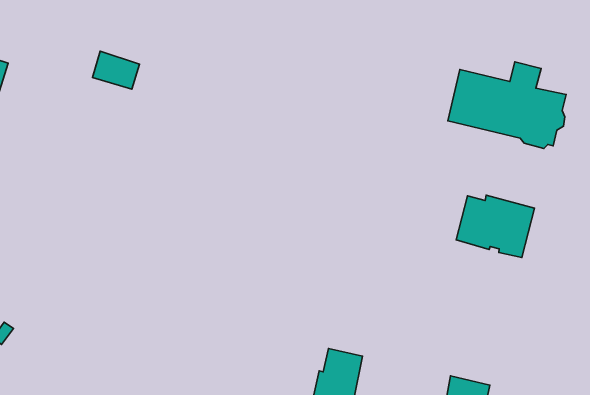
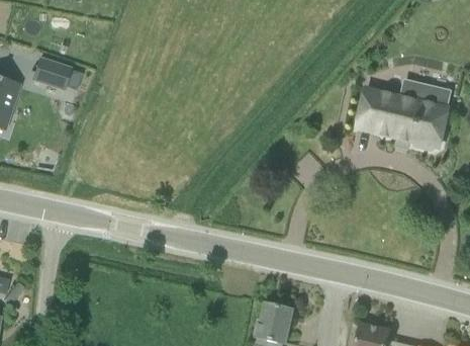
building: [92,51,140,89] -> [29,62,66,91]
building: [456,195,534,257] -> none

